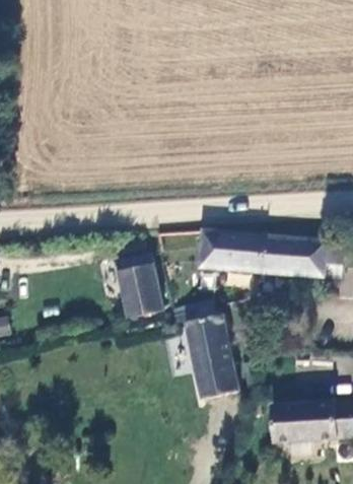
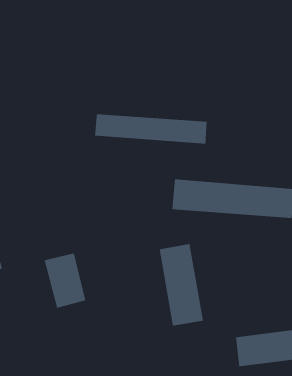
building: none -> [94,114,207,144]
building: [116,258,163,321] -> [44,253,86,309]

